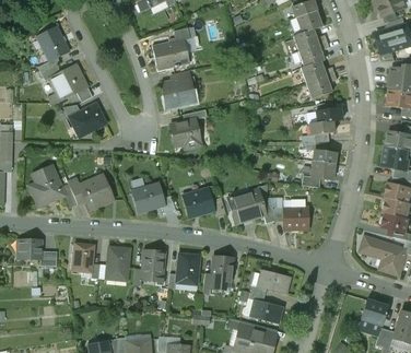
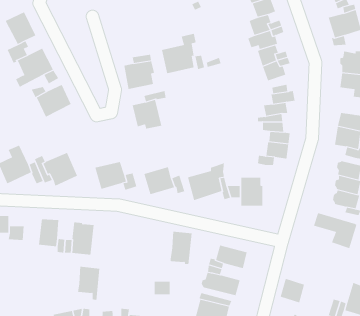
building: [152,27,189,70] -> [161,33,197,74]
building: [140,249,164,285] -> [77,266,100,301]
building: [175,252,199,282] -> none
building: [361,298,387,325] -> [280,278,305,303]

